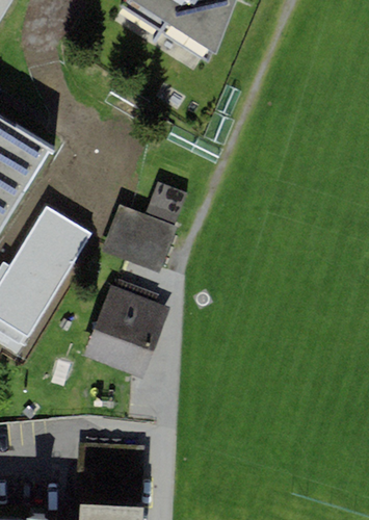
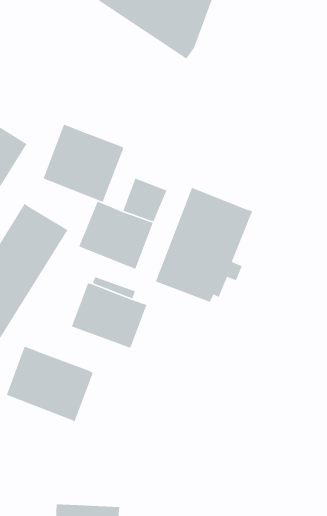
building: none -> [42,123,124,203]
building: none -> [155,187,253,303]
building: none -> [6,346,94,422]

